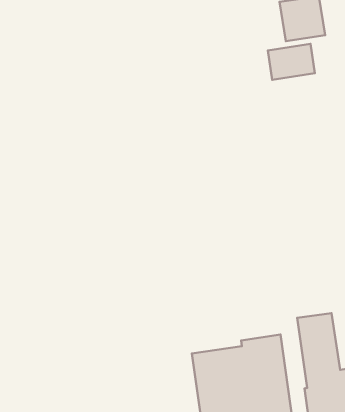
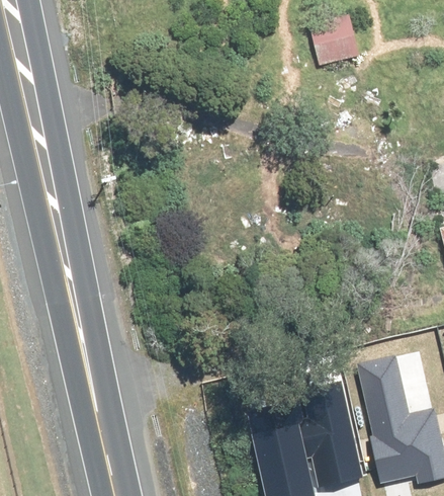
building: [268,44,315,80] -> none

